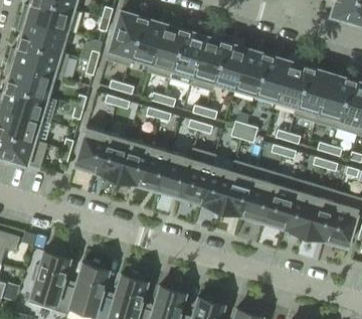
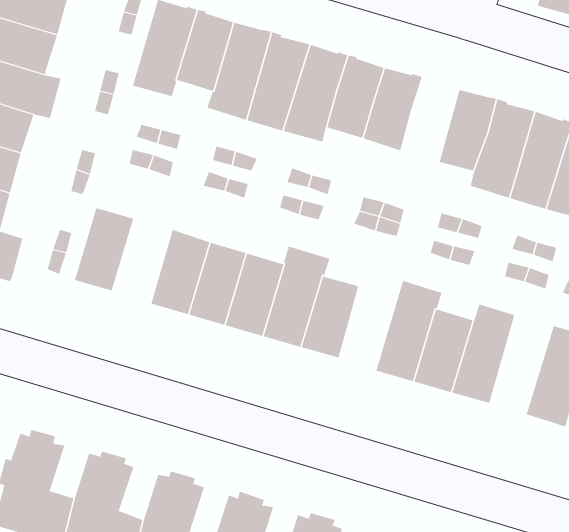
building: [256,55,289,103] -> none
building: [98,134,130,181] -> none
building: [222,162,257,218] -> none
building: [306,187,341,243] -> none

